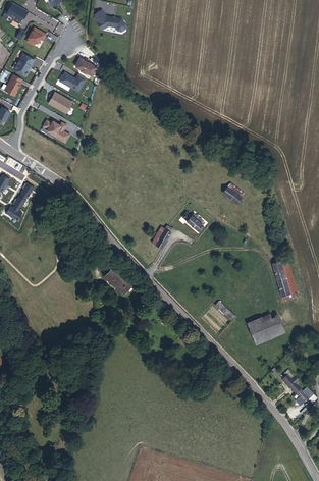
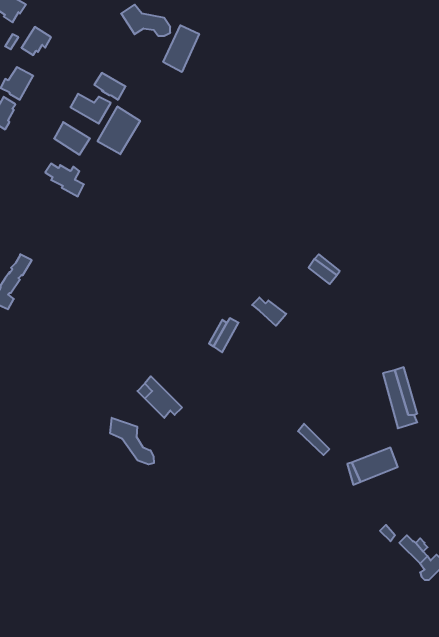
building: none -> [163,25,199,72]
building: none -> [98,106,140,154]
building: none -> [110,418,154,464]

